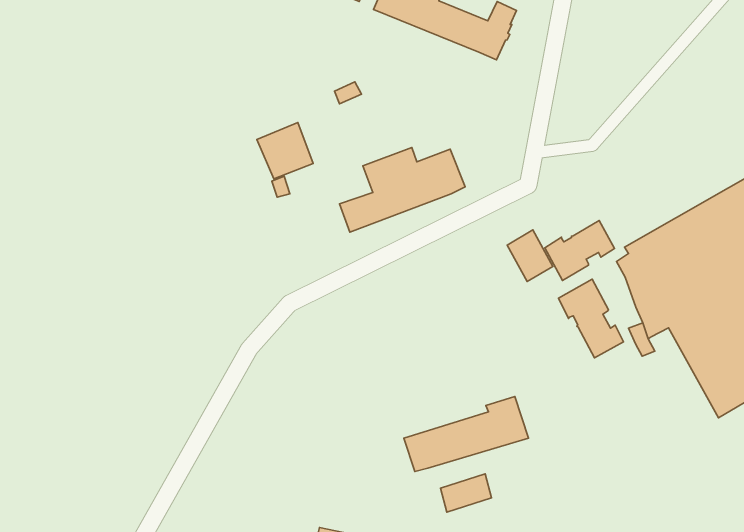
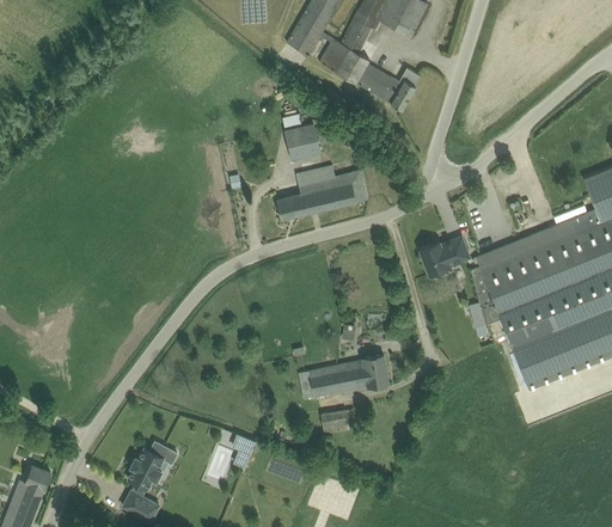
building: [257,122,313,179] -> [283,123,322,161]
building: [507,230,553,282] -> none
building: [558,279,624,358] -> none

